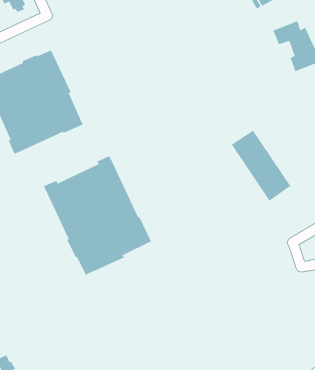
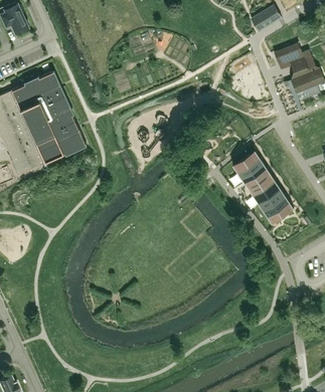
building: [43,155,152,276] -> none

